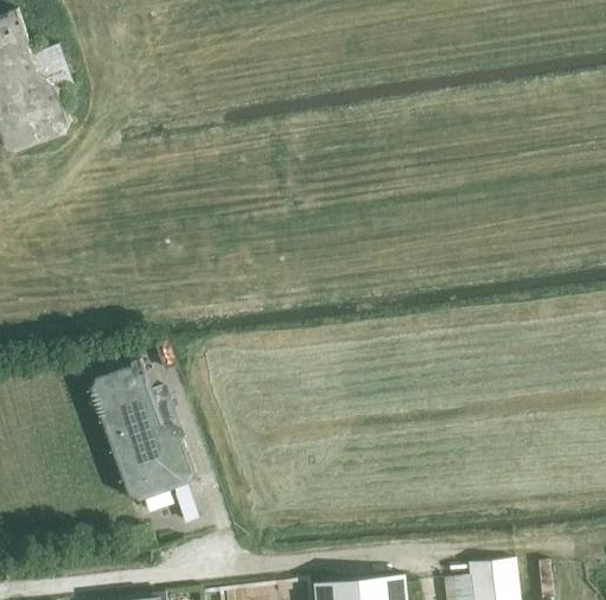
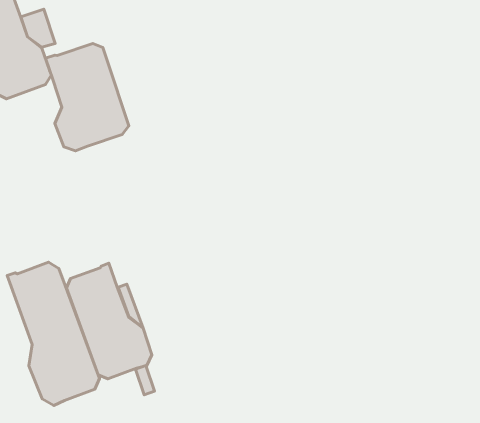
building: none -> [46,44,129,151]
building: none -> [7,262,99,406]

